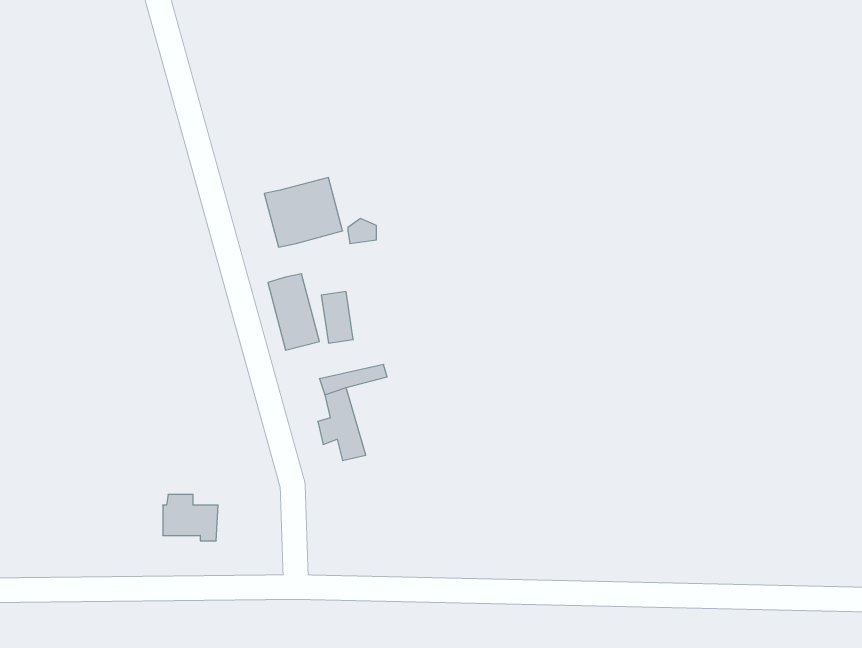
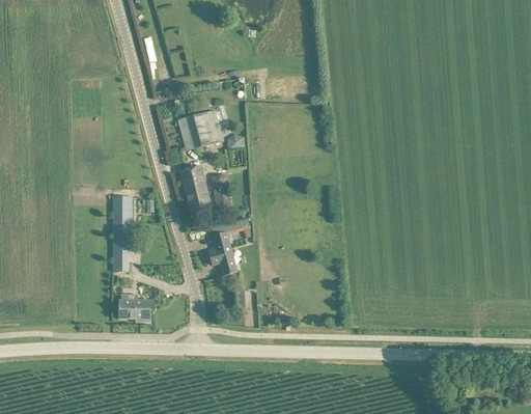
building: none -> [113,196,132,271]

